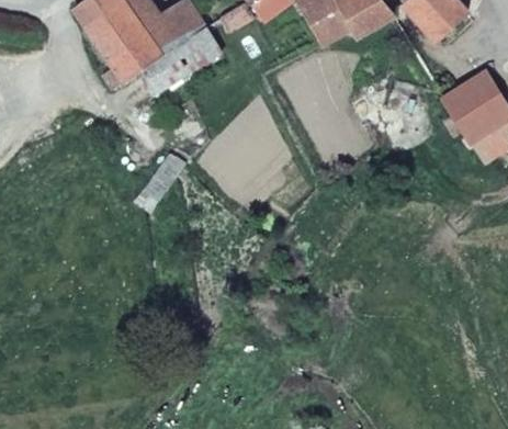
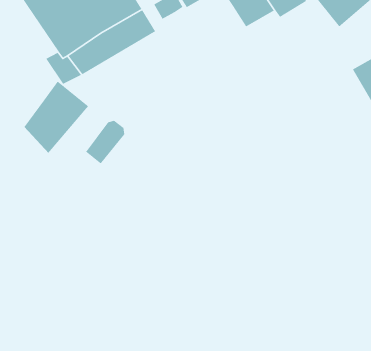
building: none -> [24,81,89,154]

